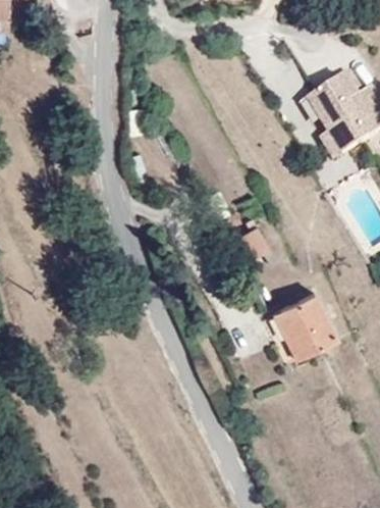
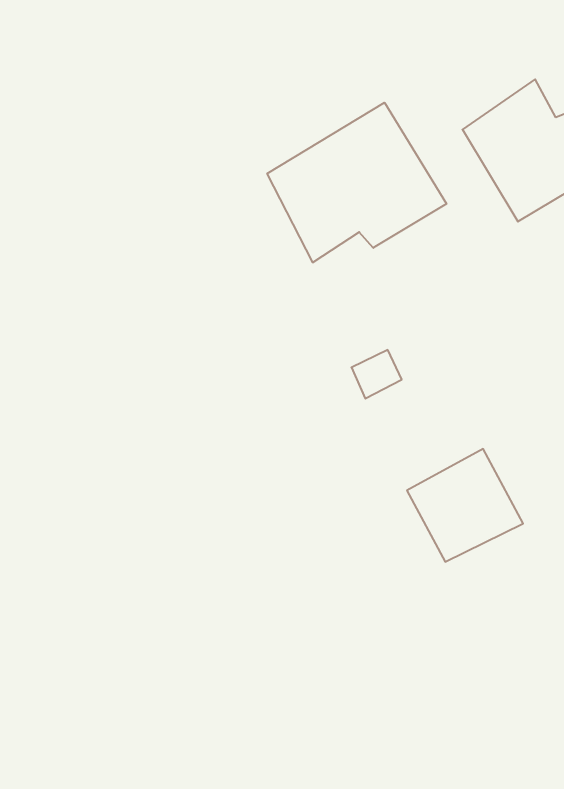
building: none -> [267,103,446,263]

